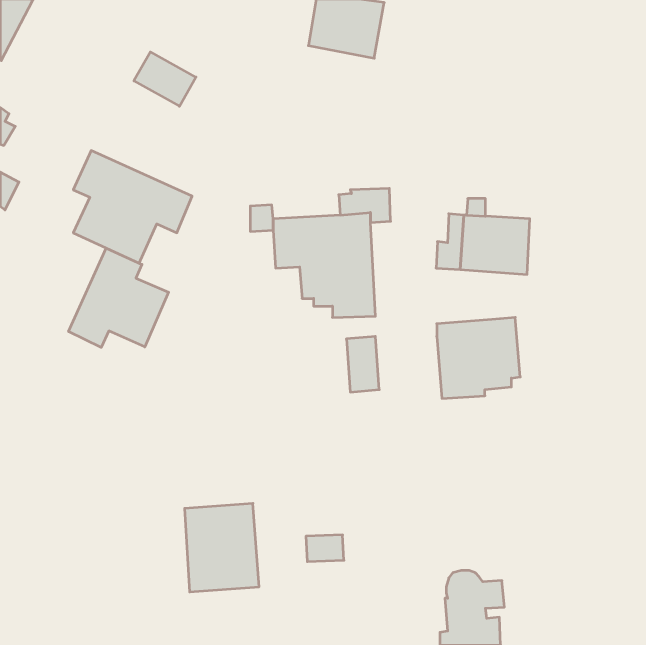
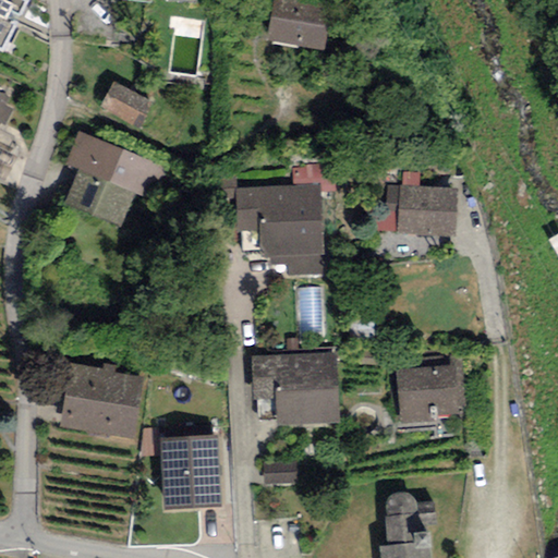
building: [134,52,196,106] -> [99,82,153,129]
building: [69,248,169,347] -> none
building: [437,317,520,398] -> [395,354,466,424]
building: none -> [252,352,339,425]
building: none -> [59,362,143,438]

